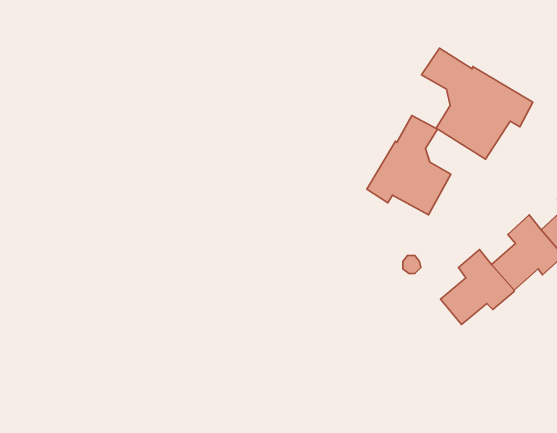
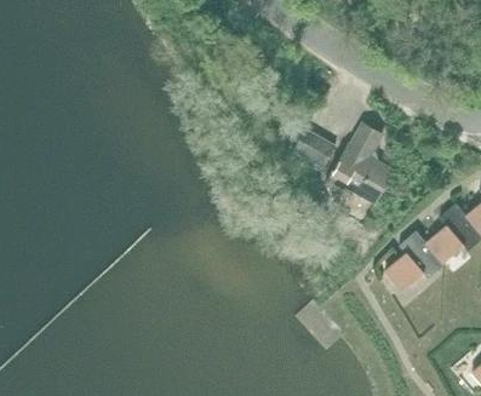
building: [422,48,533,159] -> none
building: none -> [293,127,337,166]

